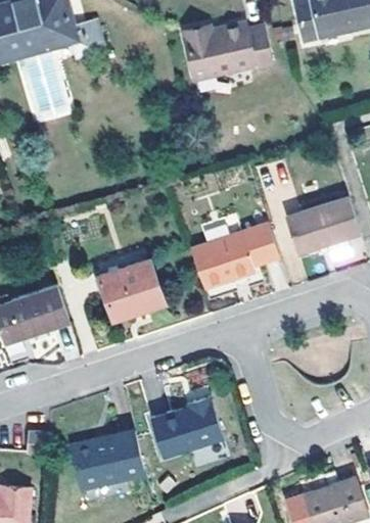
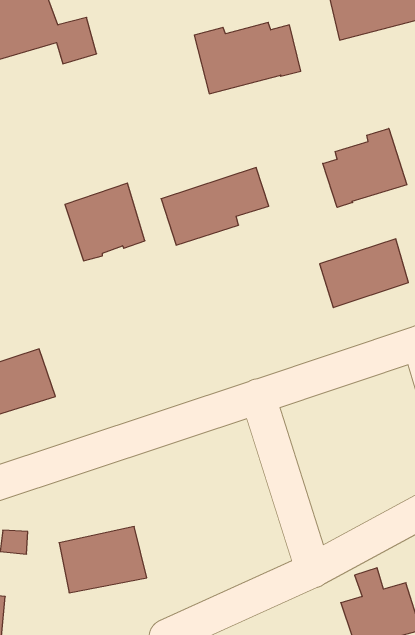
building: none -> [323,128,407,207]
building: [191,227,279,290] -> [161,168,269,245]
building: [97,257,163,321] -> [65,183,145,261]
building: [155,400,229,460] -> none

